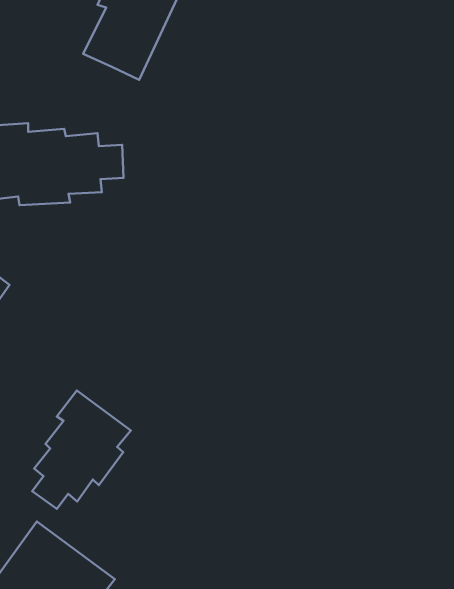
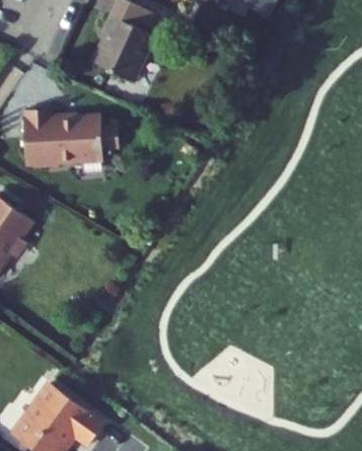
building: [32,391,131,509] -> none

